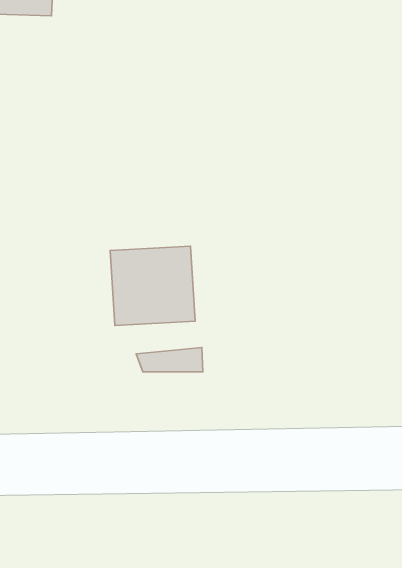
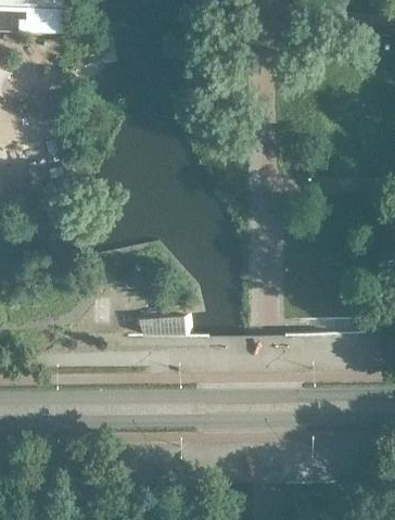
building: [110,246,195,326] -> none

